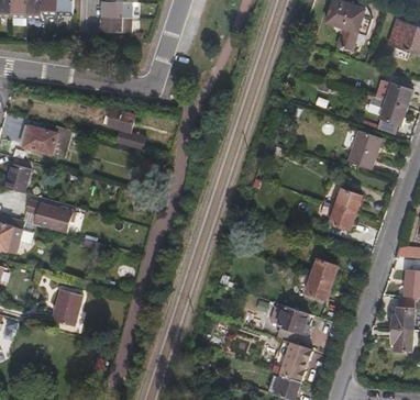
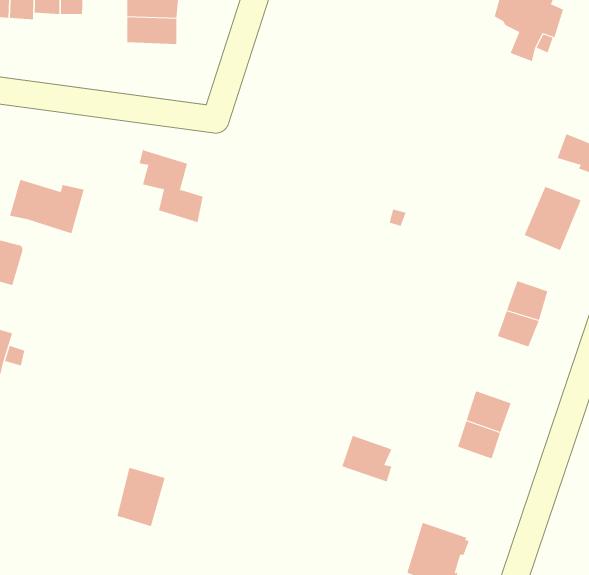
building: [25,199,75,233] -> none
building: [52,289,82,326] -> [117,467,166,527]
building: [276,305,308,335] -> [342,435,392,482]

